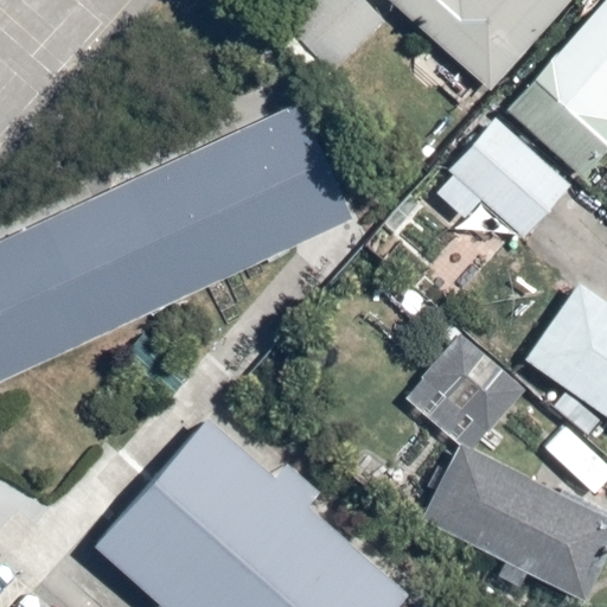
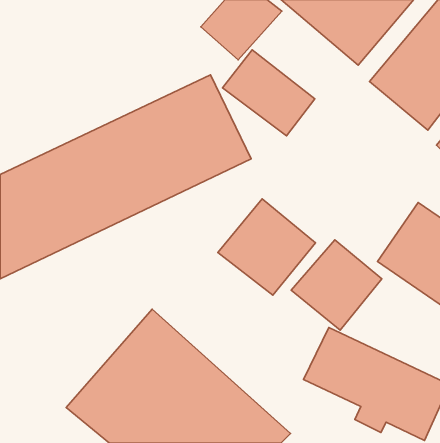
building: none -> [222,50,315,136]
building: [434,113,579,241] -> none
building: none -> [218,199,315,295]

